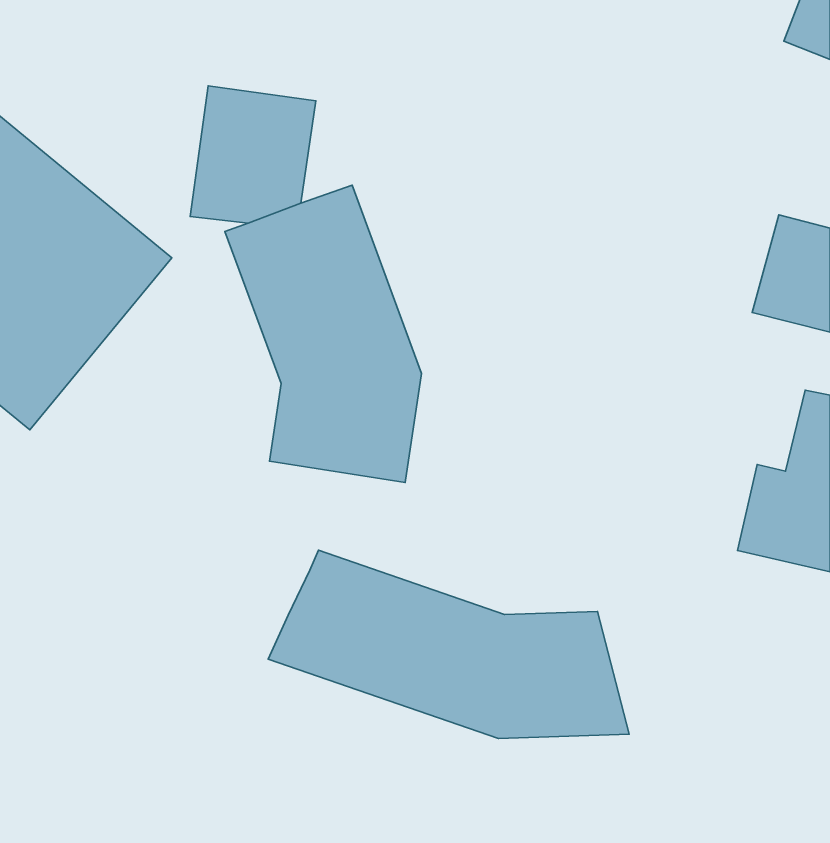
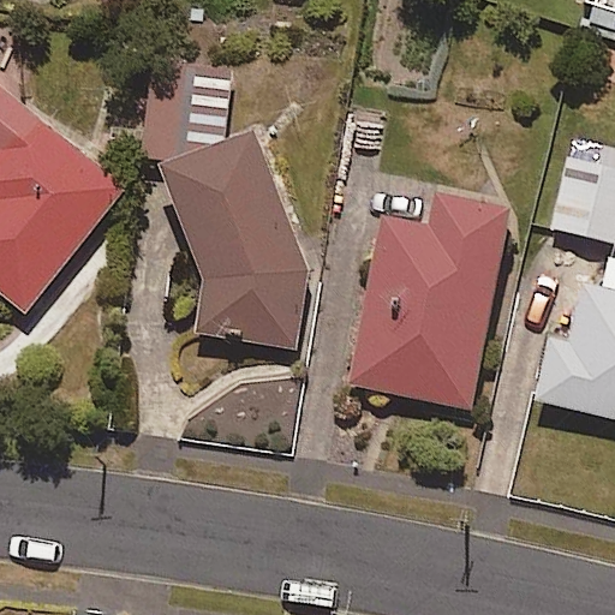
building: none -> [348,196,512,408]
building: [268,550,629,739] -> none

